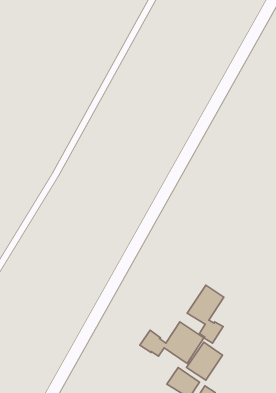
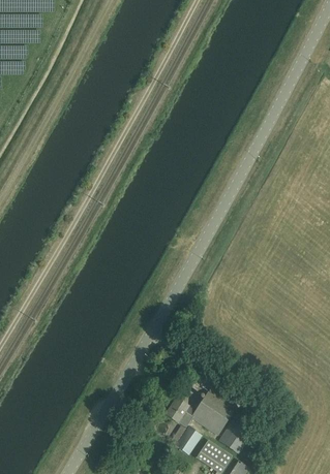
building: [187,285,224,343] -> none
building: none -> [173,425,201,454]

